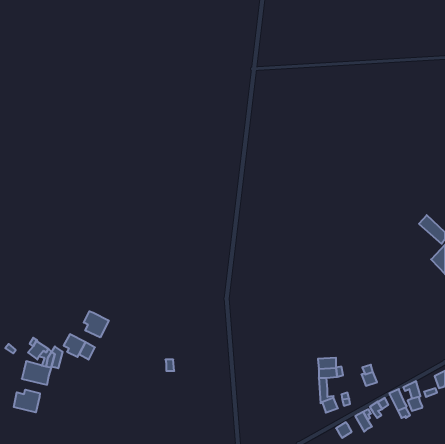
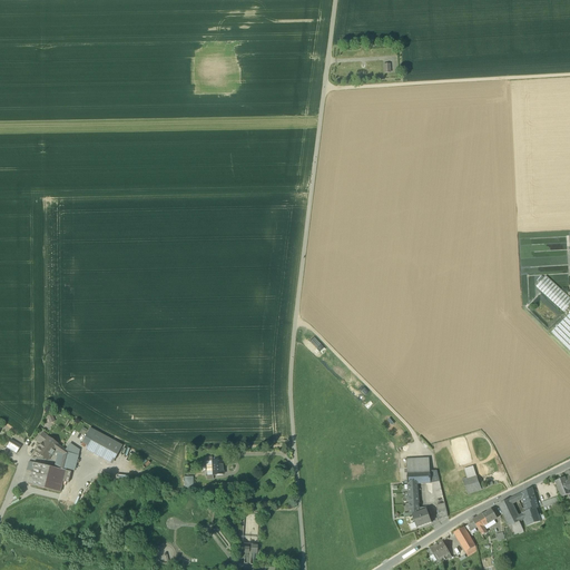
building: [84,311,109,337] -> none
building: [14,390,40,412] -> none

